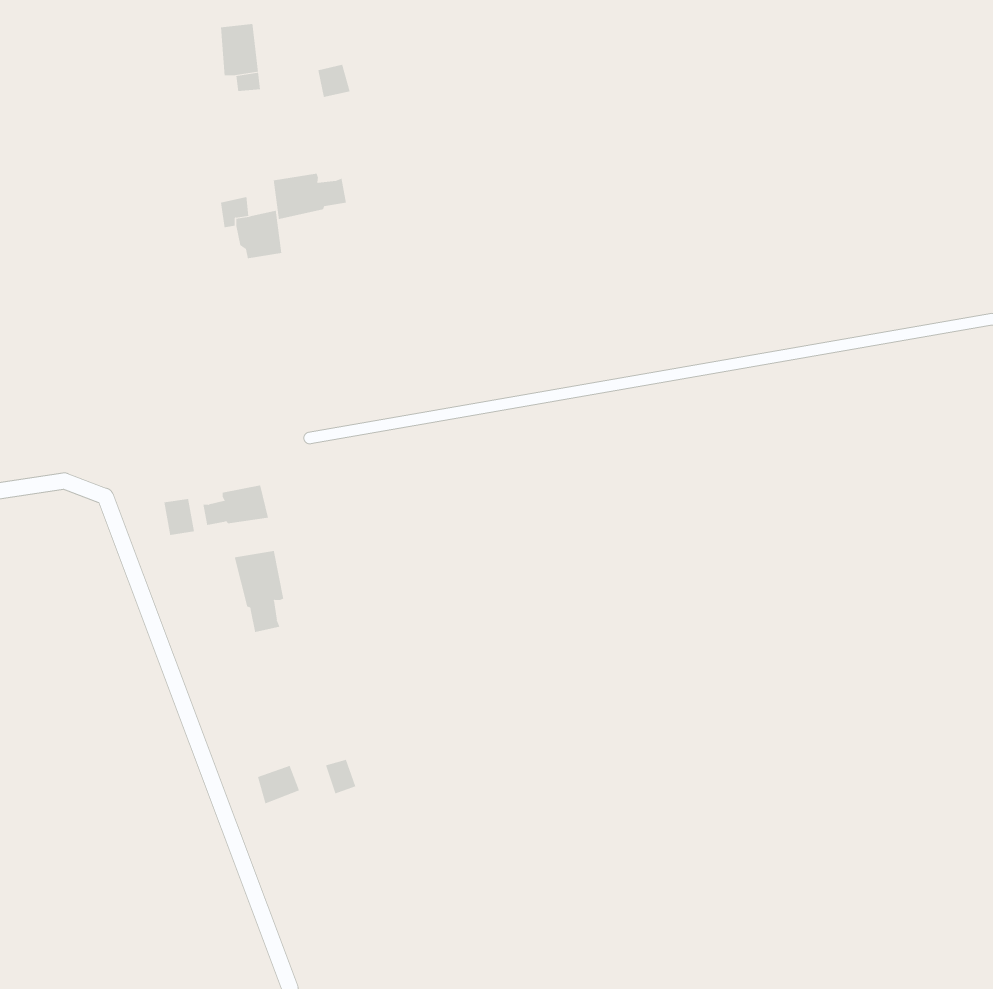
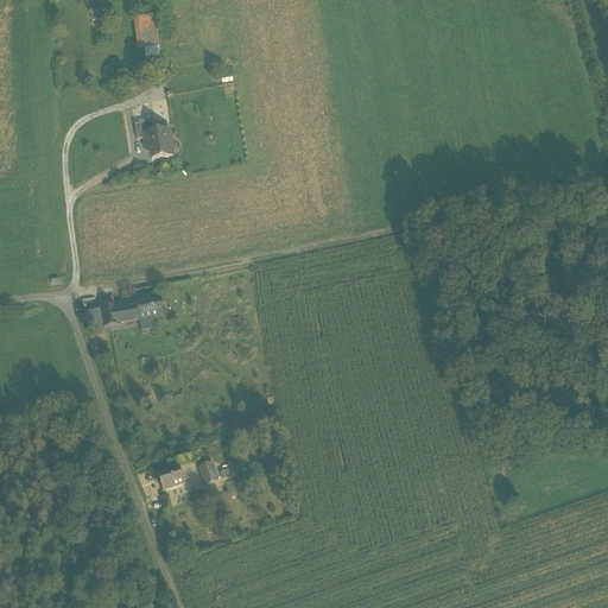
building: [273,173,346,220] -> none
building: [234,550,284,633] -> none

